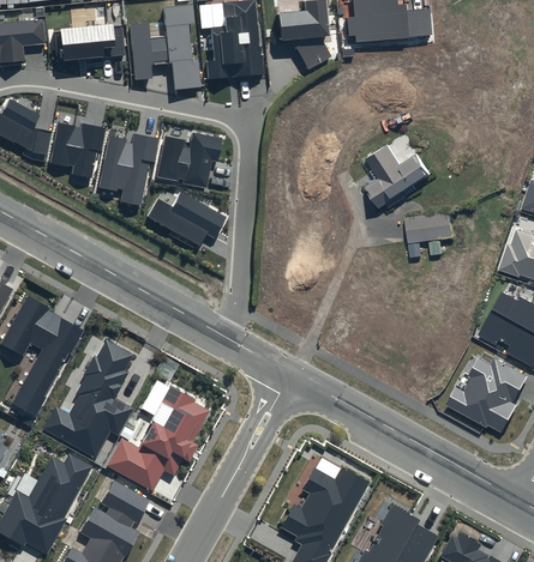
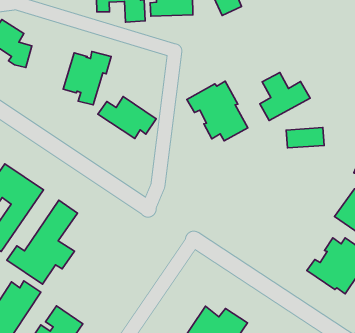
building: [50,123,106,177] -> none
building: [157,132,223,188] -> none
building: none -> [187,81,248,141]
building: [108,385,208,487] -> none

